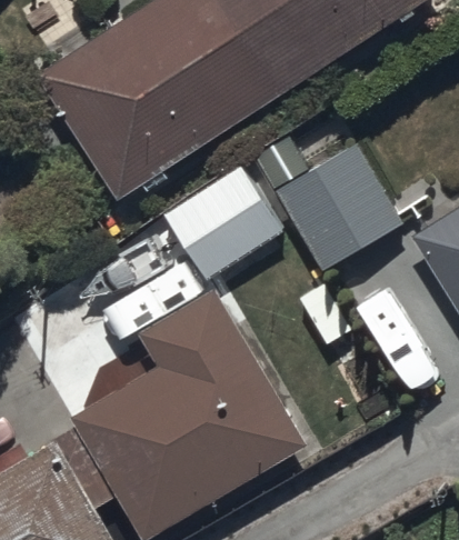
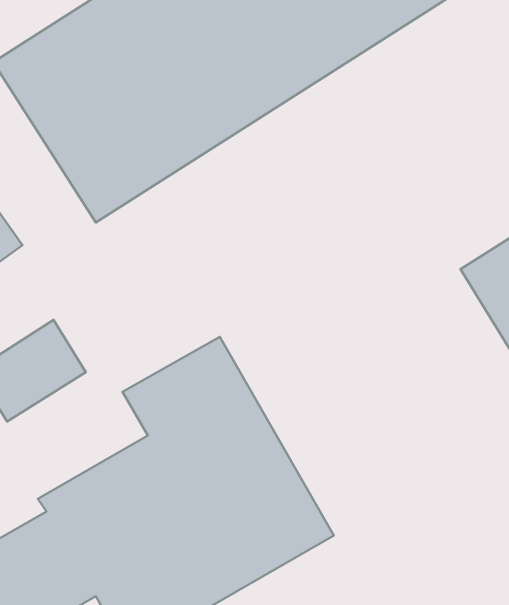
building: [273,142,402,272] -> none
building: [161,164,281,281] -> none

